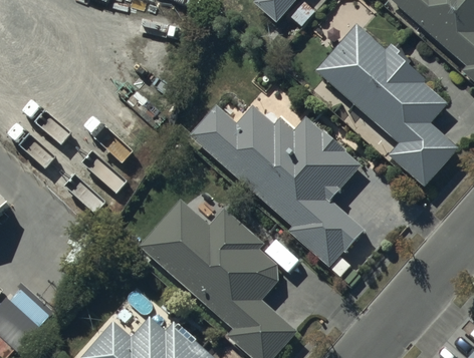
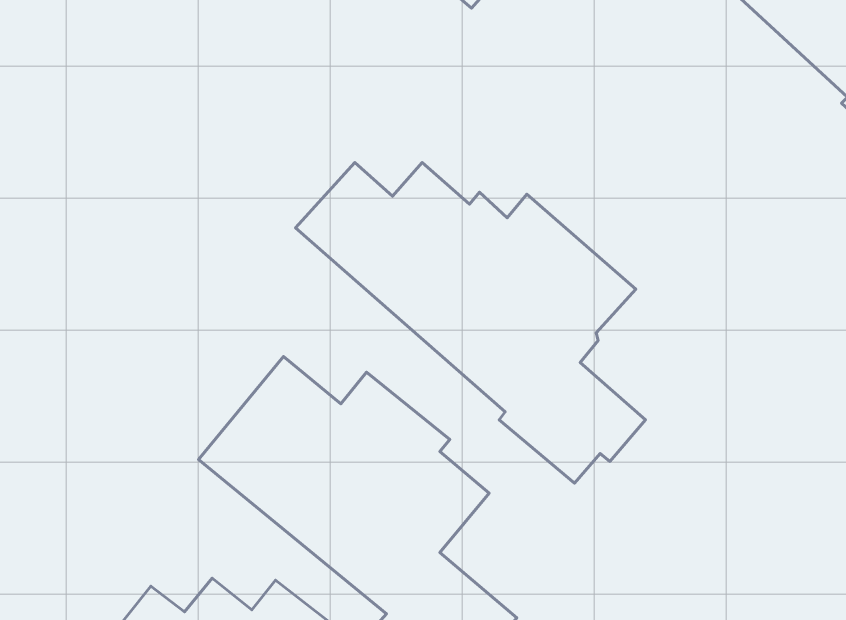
building: [314,25,461,191] -> none

